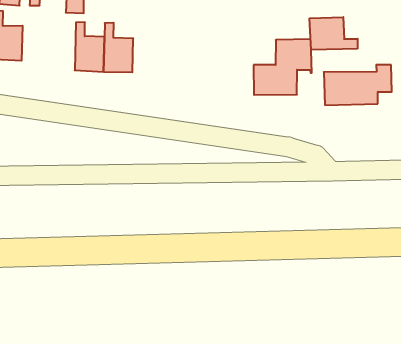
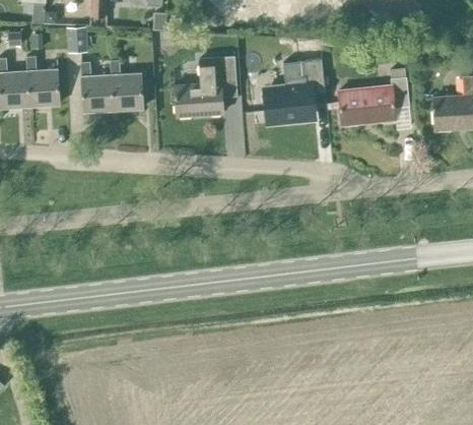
building: none -> [25,56,59,107]
building: [310,17,358,50] -> none
building: none -> [174,57,235,116]

